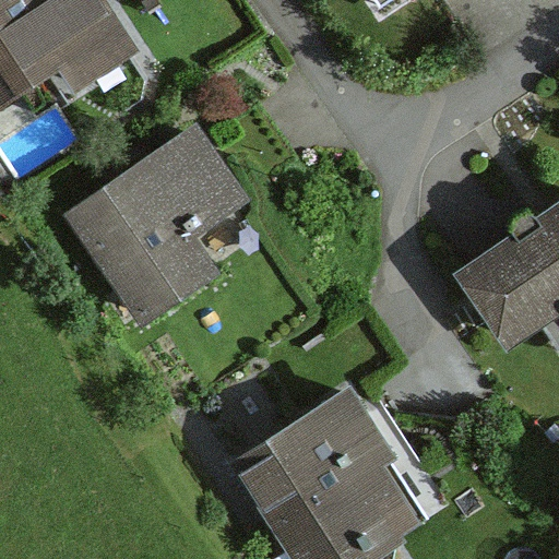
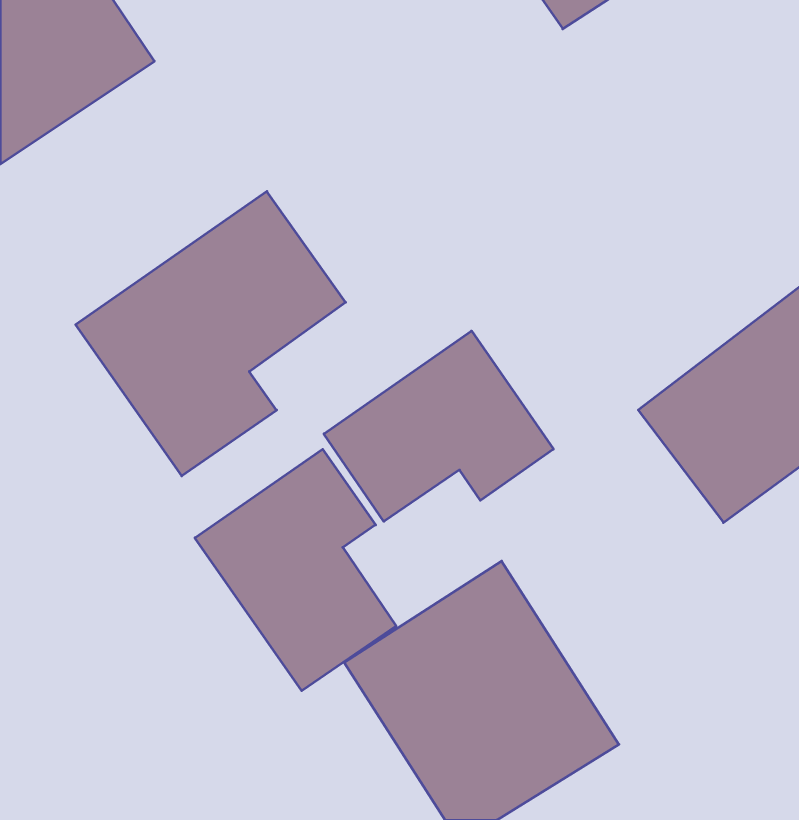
building: none -> [324,331,553,521]
building: none -> [195,449,396,691]

